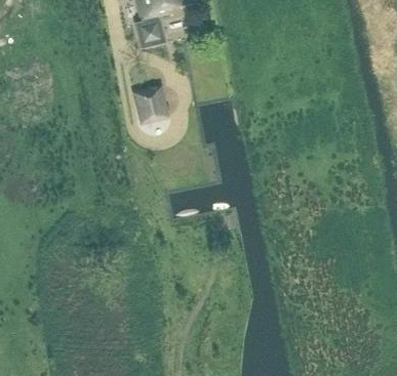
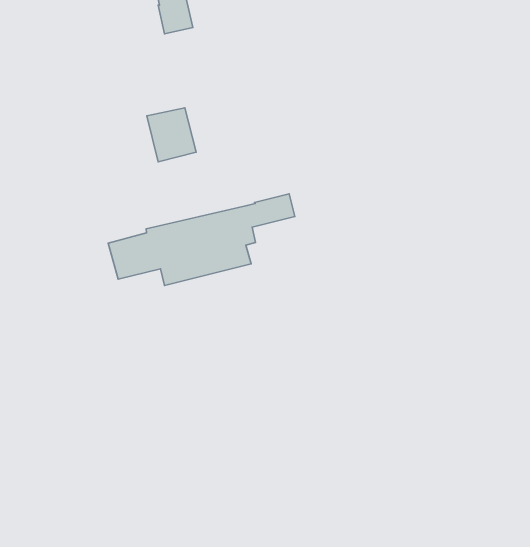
building: none -> [108,194,295,285]

